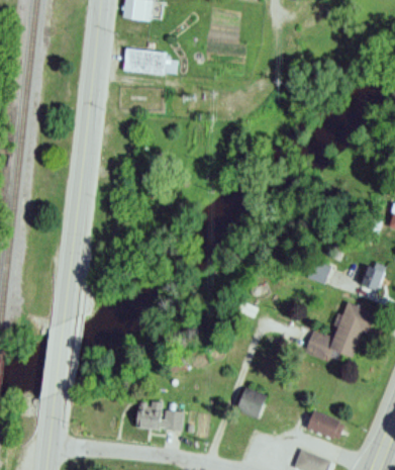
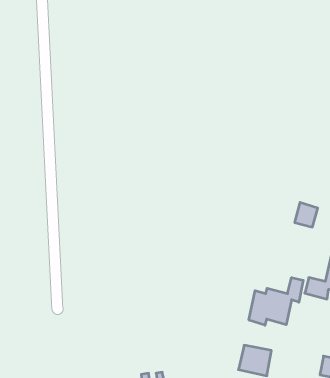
building: [124,45,168,74] -> none
building: none -> [249,278,303,325]

